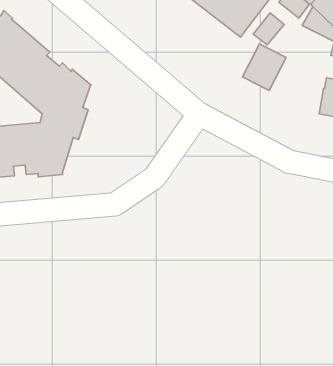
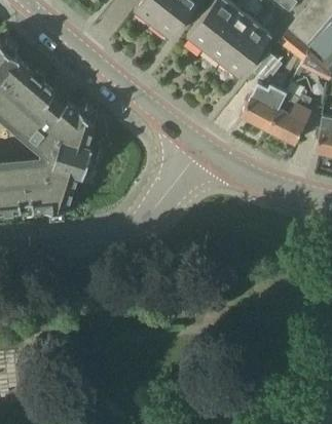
building: none -> [268,90,315,142]

